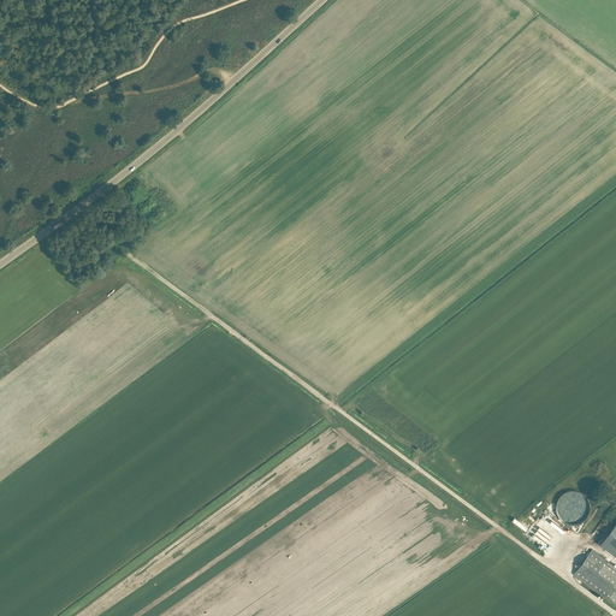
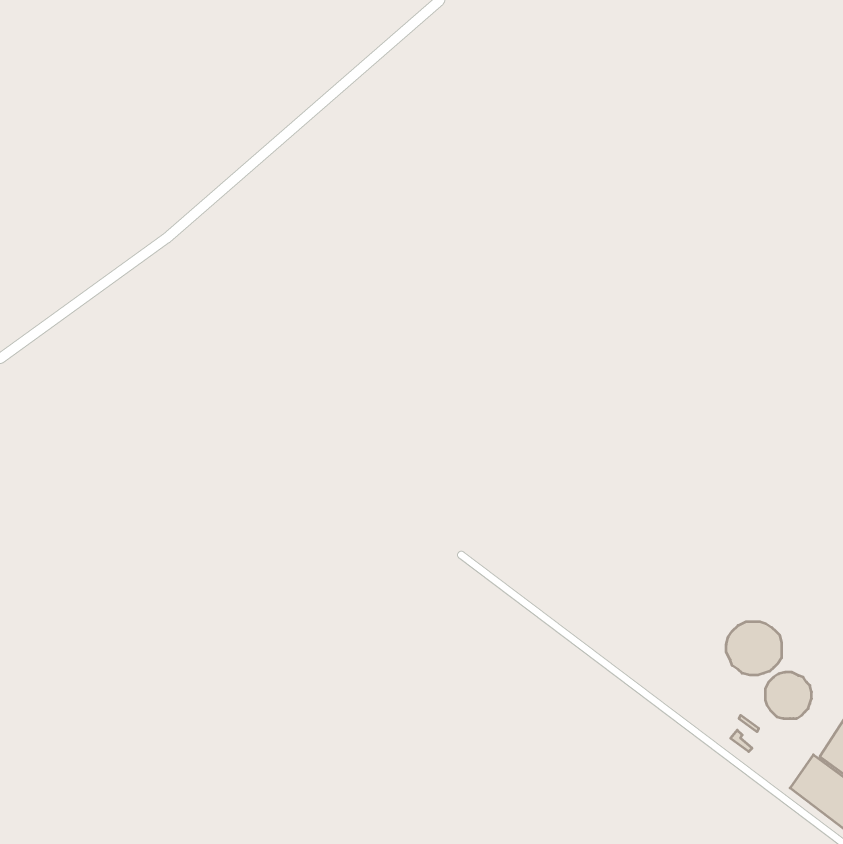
building: none -> [726,622,782,675]

